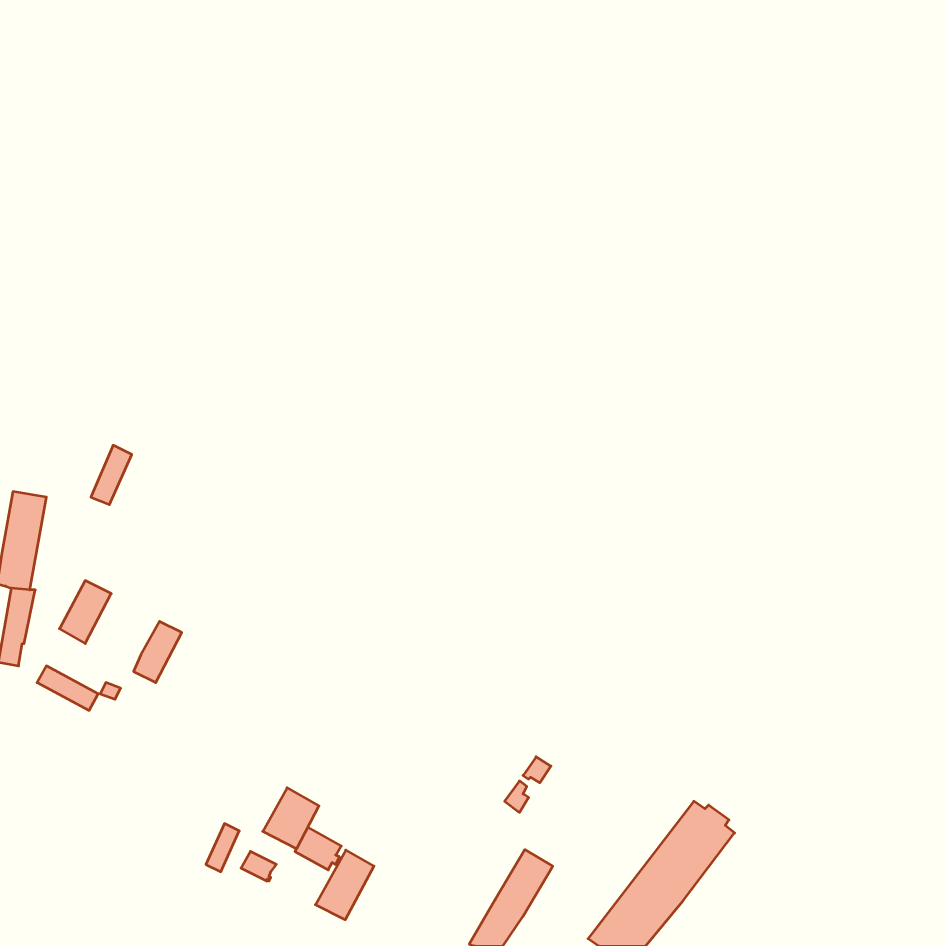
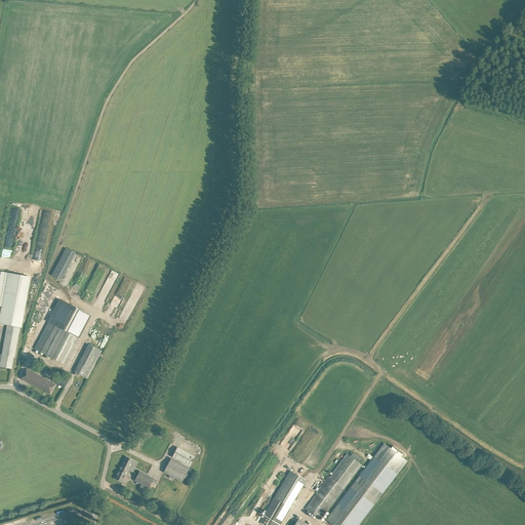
building: none -> [47,298,86,362]
building: [263,788,319,849] -> none
building: none -> [306,453,360,518]
building: [315,850,374,920] -> none

